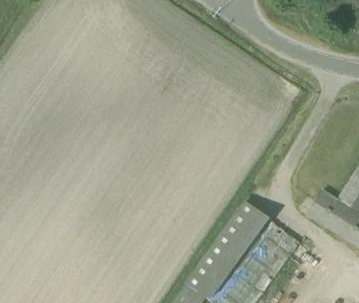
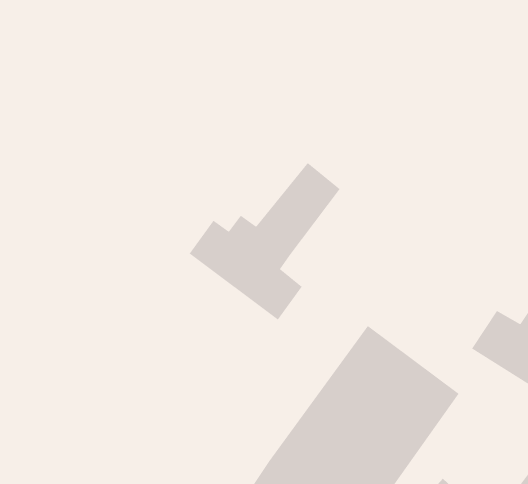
building: none -> [189,162,341,321]

